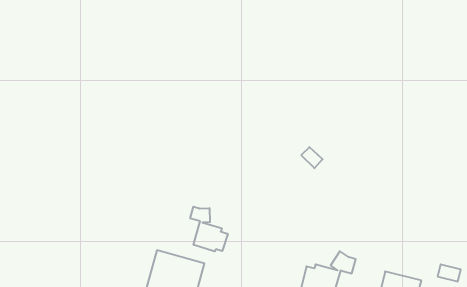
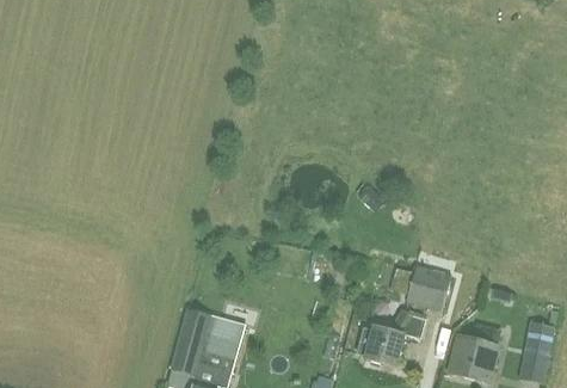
building: [190,207,228,251] -> none
building: none -> [407,264,451,308]

